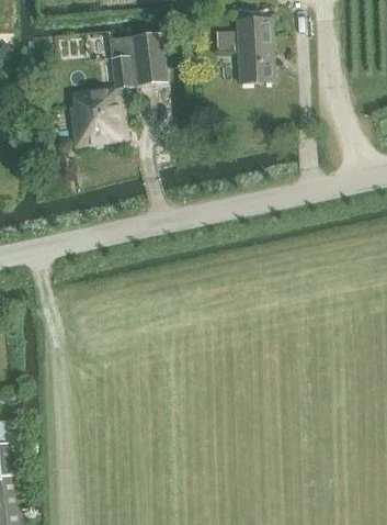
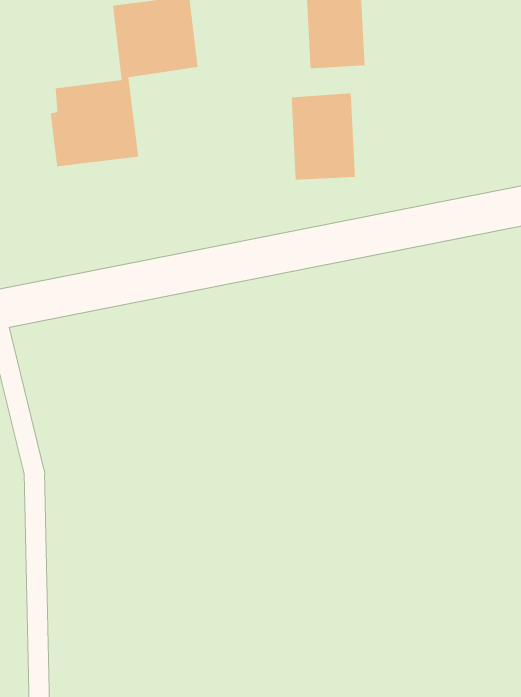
building: none -> [291,93,356,180]

